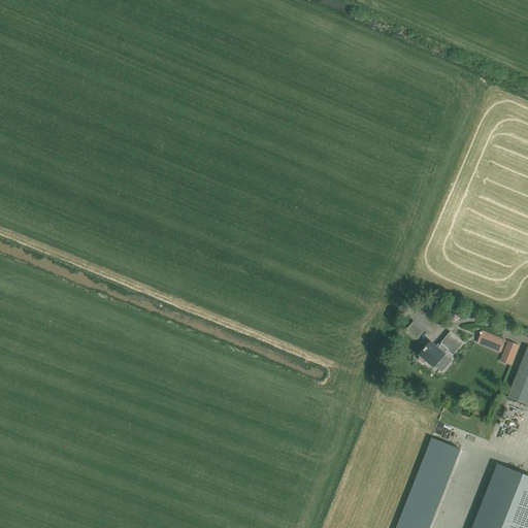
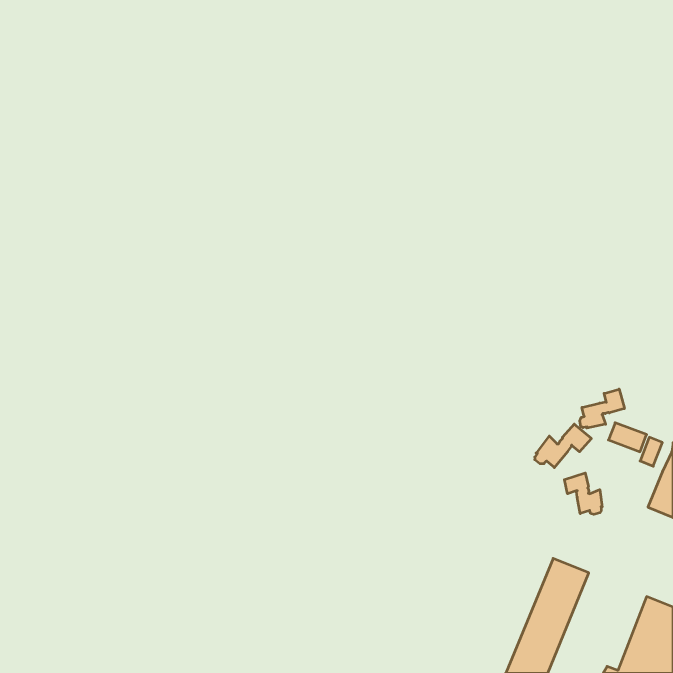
building: none -> [580,389,624,428]
building: none -> [564,473,602,514]

